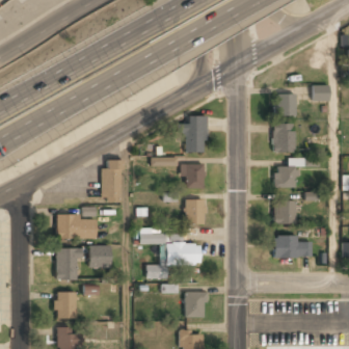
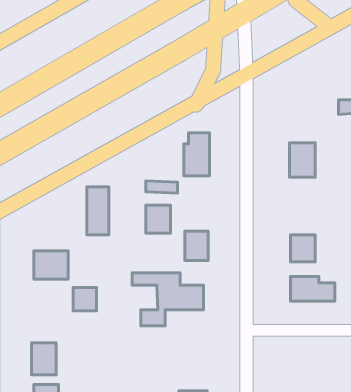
building: [276,95,295,117] -> none
building: [275,159,318,188] -> none
building: [183,164,204,188] -> [146,205,170,233]
building: [56,248,78,280] -> none
building: [186,292,206,316] -> none

